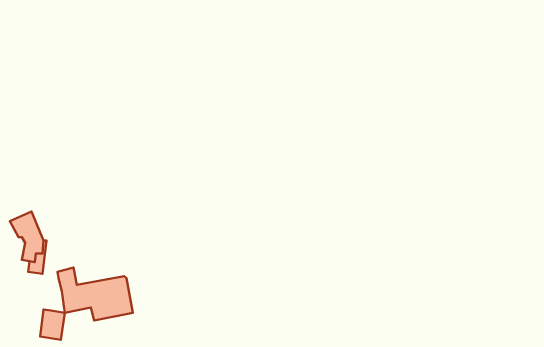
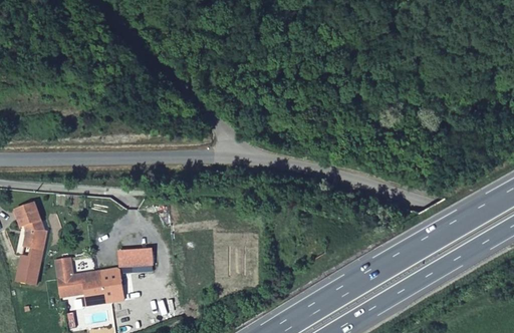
building: none -> [116,245,150,263]
building: [40,310,65,340] -> [18,258,41,286]

